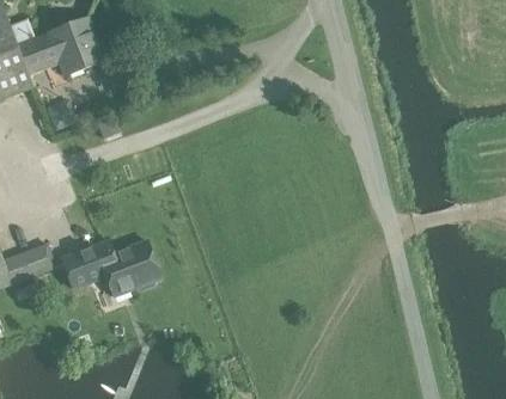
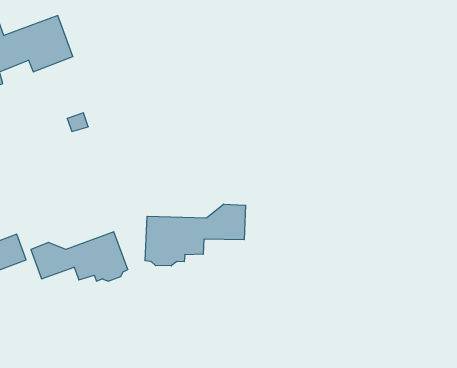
building: none -> [145,204,246,266]

